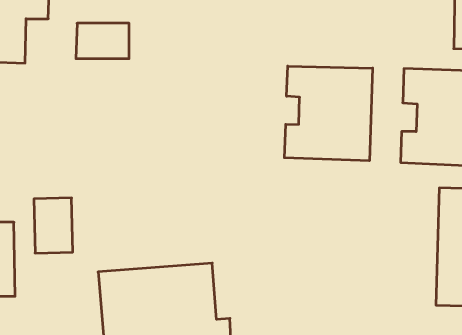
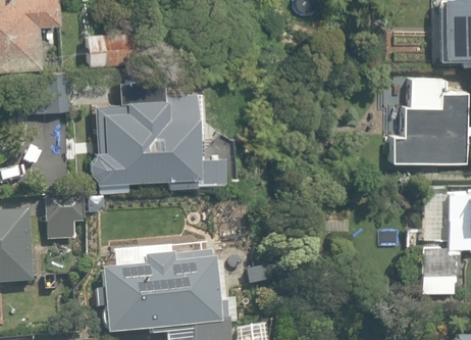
building: [284,66,373,161] -> none
building: none -> [85,94,206,183]

